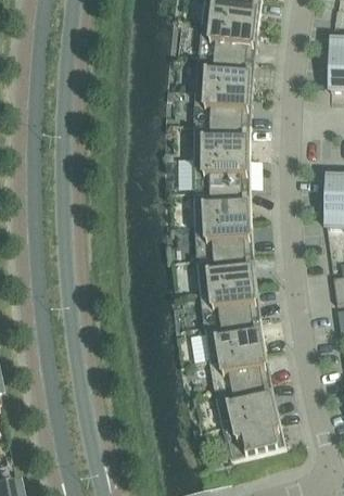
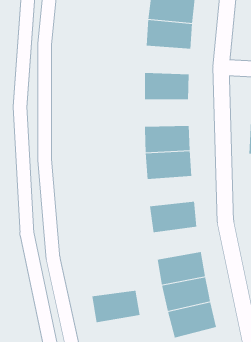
building: [193,87,253,123] -> none
building: [193,155,251,189] -> none
building: [196,252,257,290] -> none
building: [204,316,266,357] -> [92,290,140,323]

